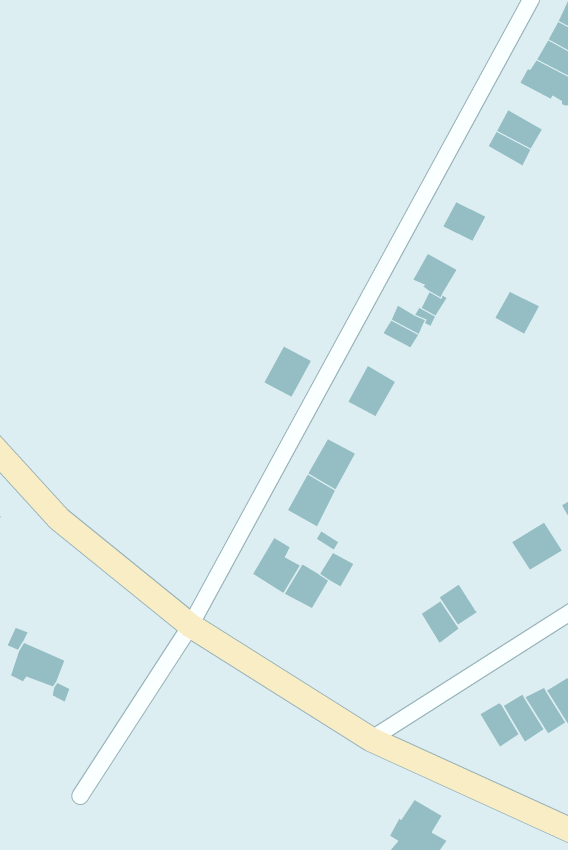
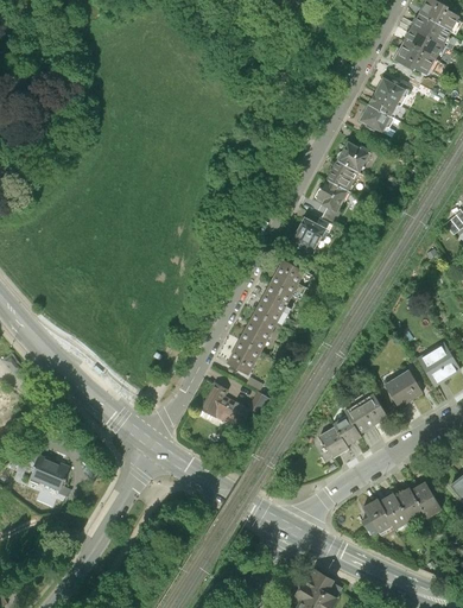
building: none -> [359,104,393,134]
building: [495,291,540,334] -> [325,162,357,192]
building: [263,346,312,398] -> [254,286,288,323]
building: none -> [347,395,388,435]

